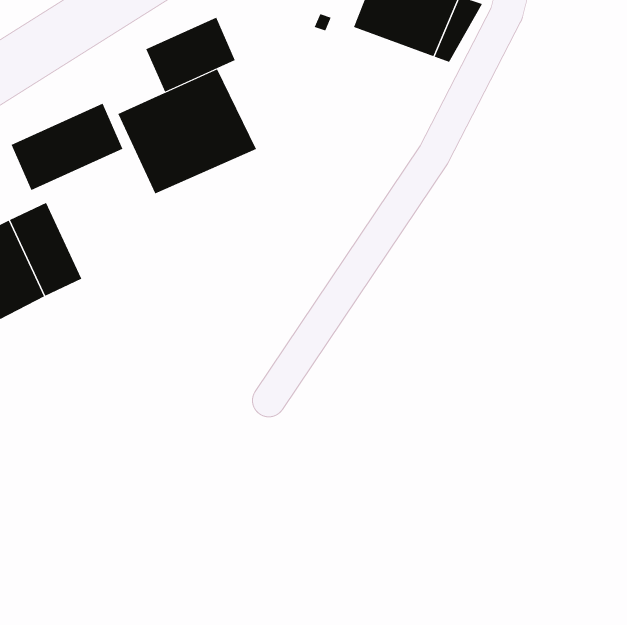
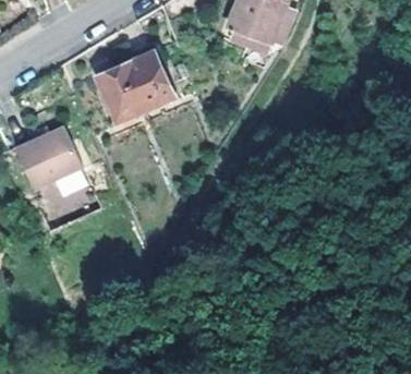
building: [146,17,236,92] -> none
building: [11,103,123,191] -> none

